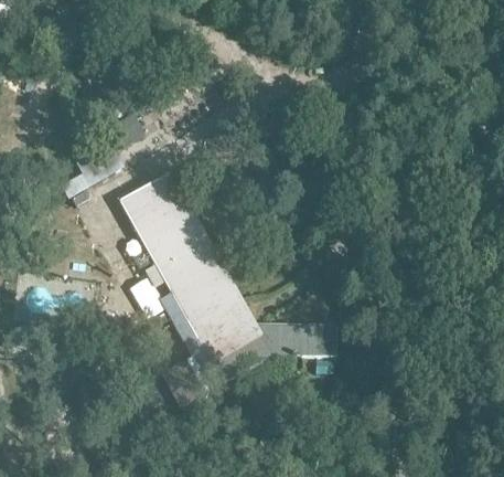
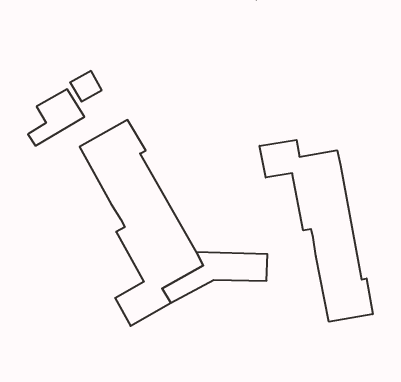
building: none -> [260,140,373,322]

